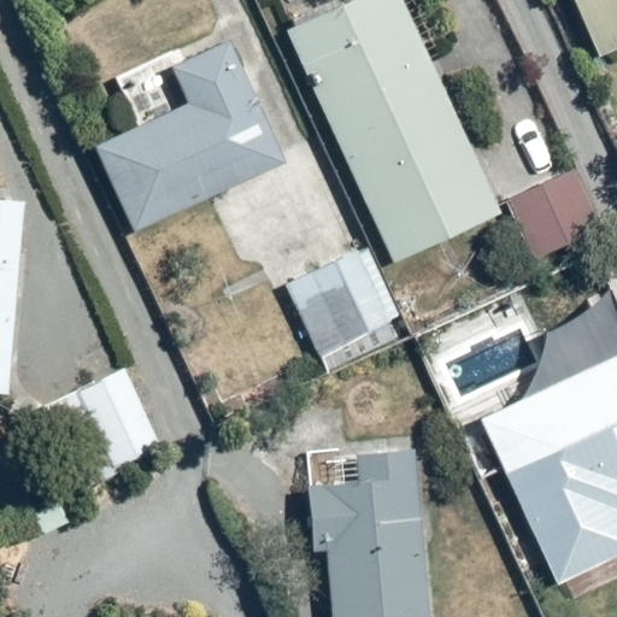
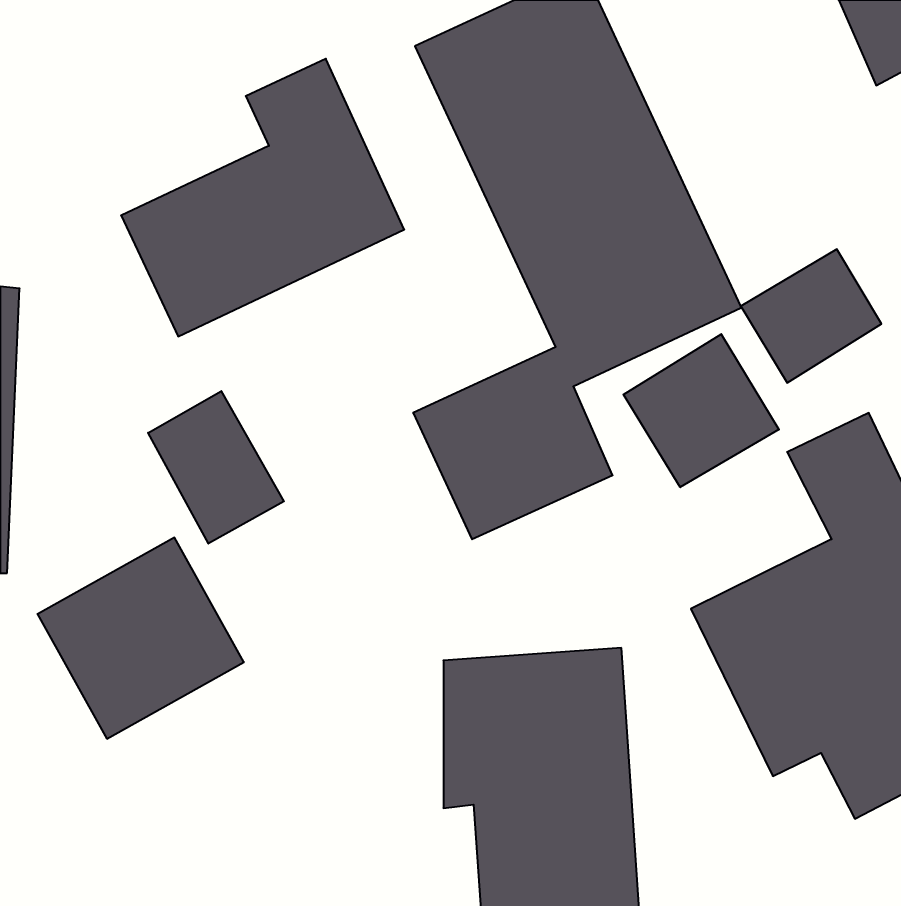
building: none -> [623,334,779,487]
building: none -> [148,391,284,544]

